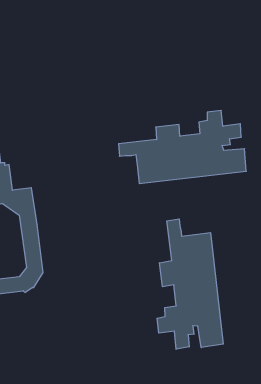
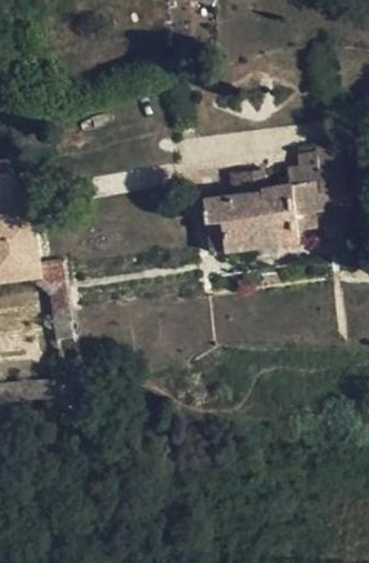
building: [157,219,223,349] -> none

